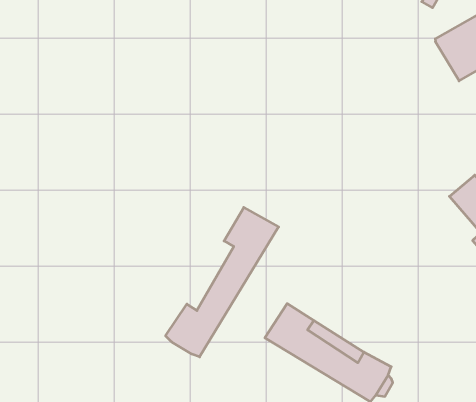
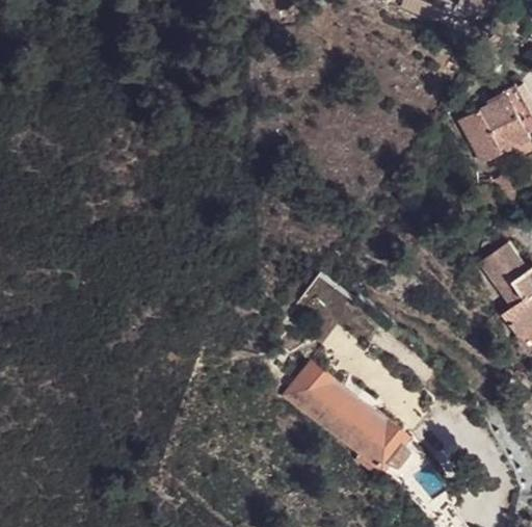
building: none -> [461,105,506,160]
building: [166,207,279,357] -> none

